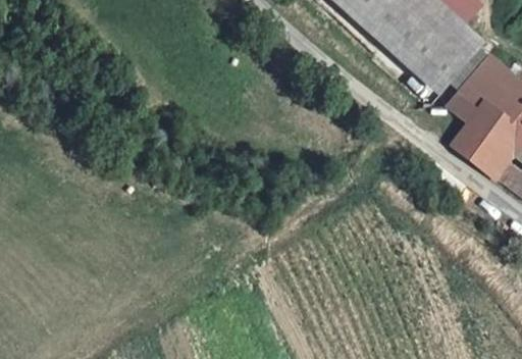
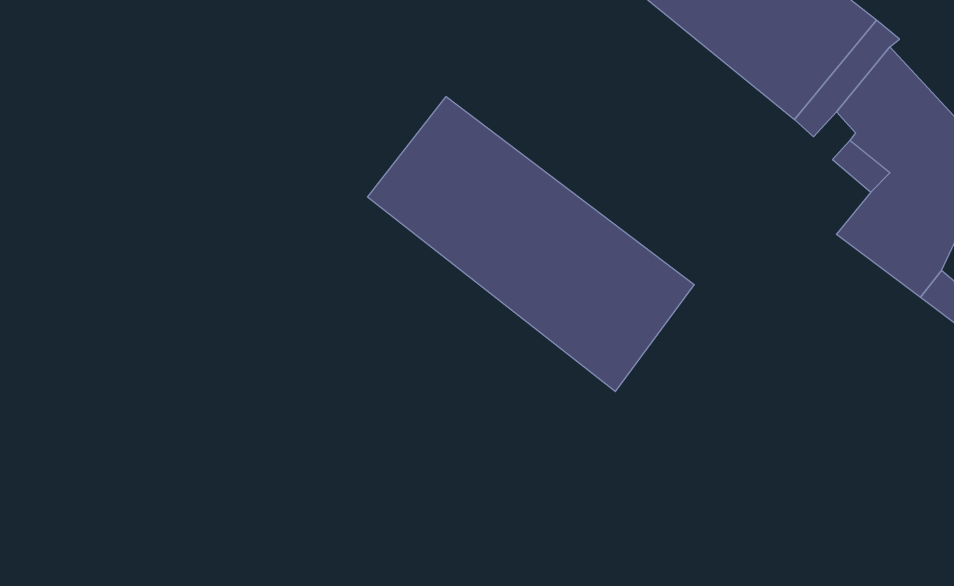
building: none -> [367,97,694,392]

